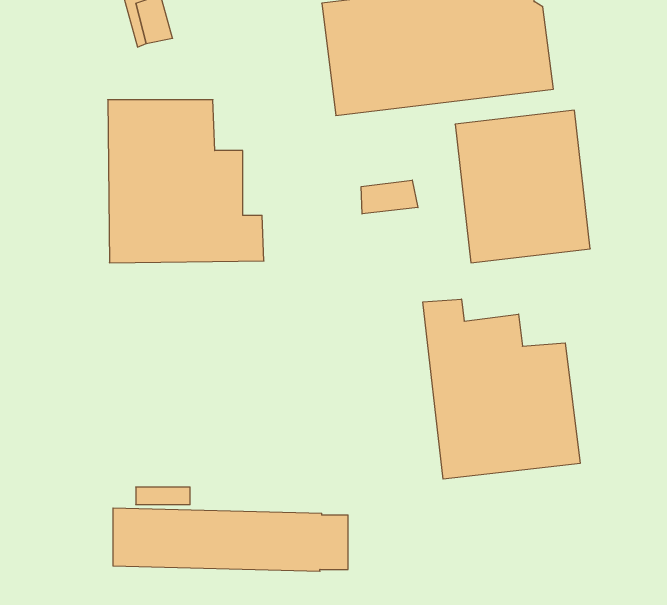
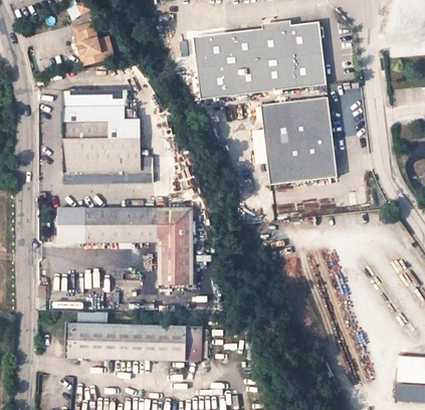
building: [361,180,418,214] -> none
building: [423,299,580,479] -> none
building: none -> [58,208,193,284]

